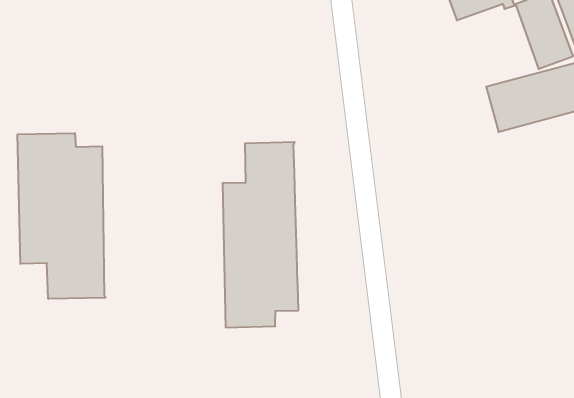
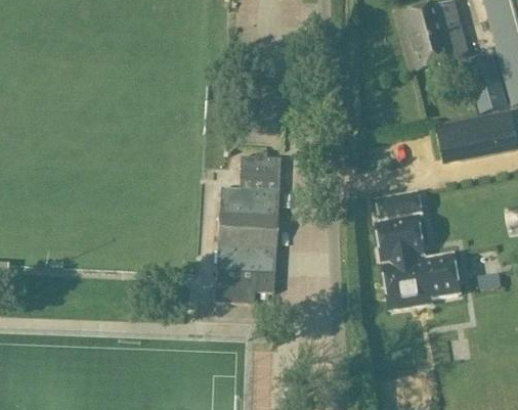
building: [18,133,106,299] -> none
building: none -> [378,189,462,308]

